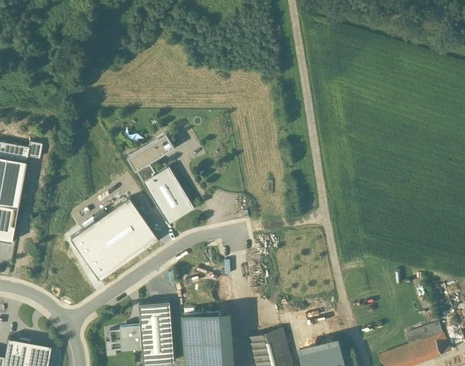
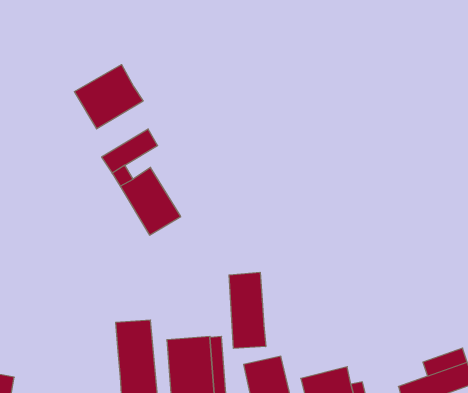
building: none -> [74,65,143,129]
building: [69,202,156,284] -> none
building: none -> [229,272,266,348]
building: [109,325,142,350] -> none

